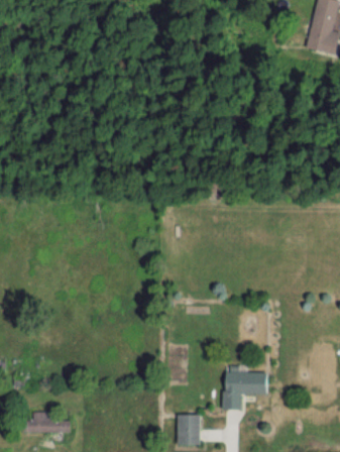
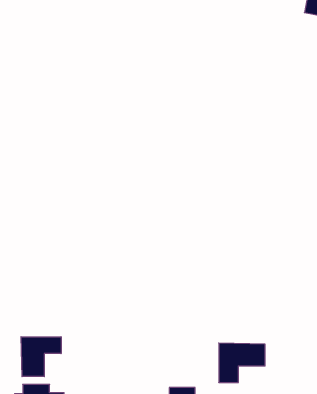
building: none -> [21,337,61,377]

